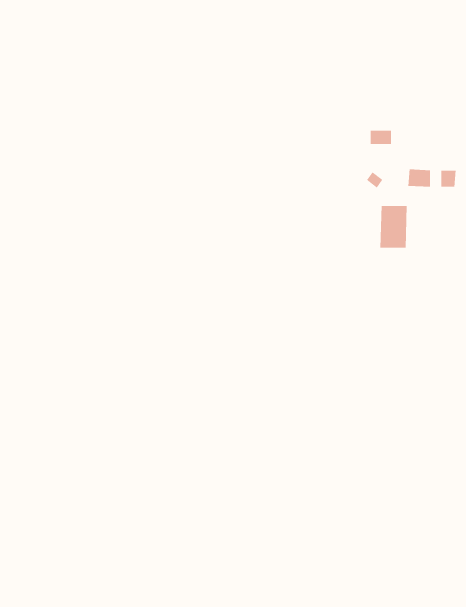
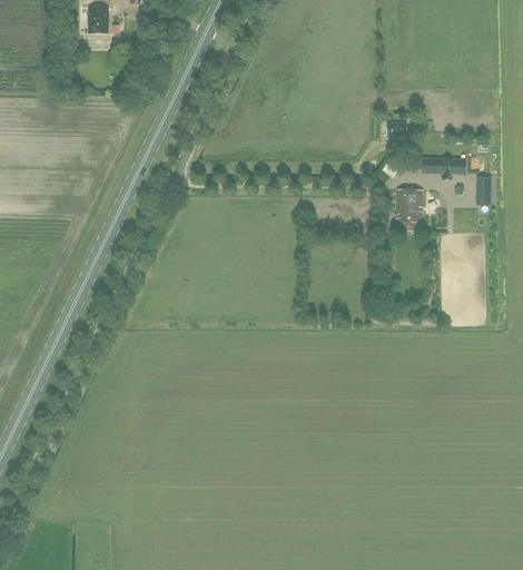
building: none -> [87,8,108,35]

